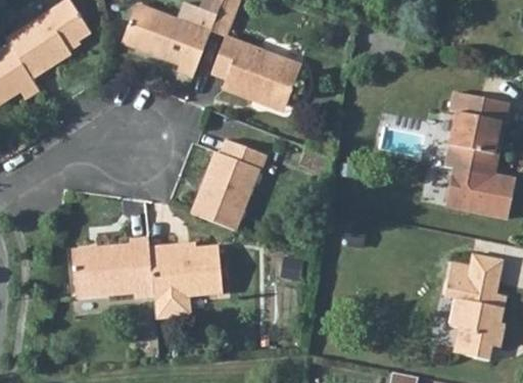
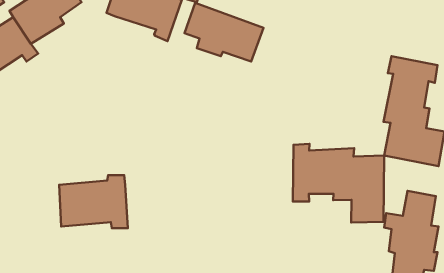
building: [191,138,266,229] -> none
building: none -> [293,144,384,223]
building: [146,243,217,316] -> none

